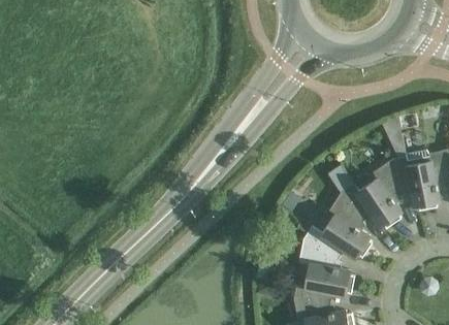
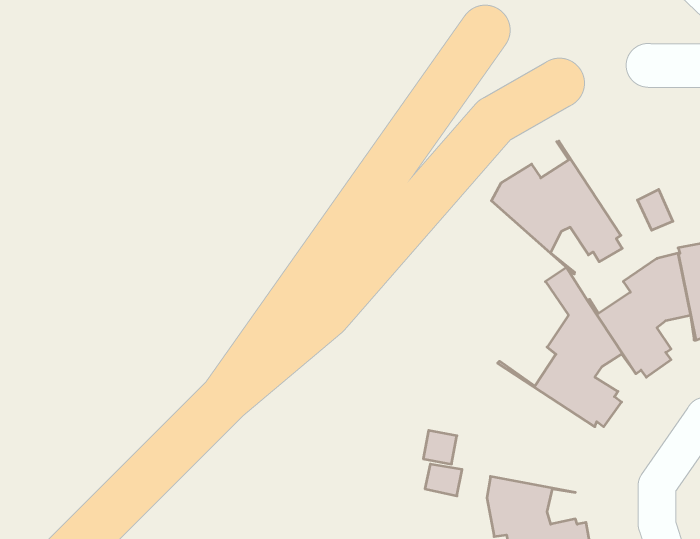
building: none -> [491,141,622,274]
building: [296,220,357,295] -> none

